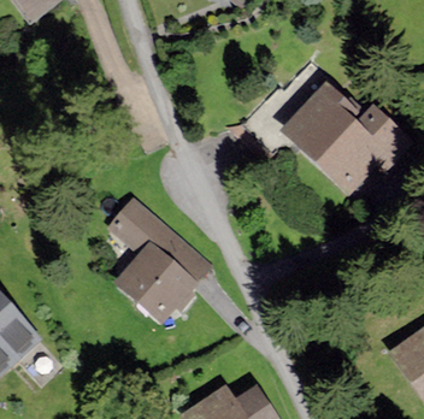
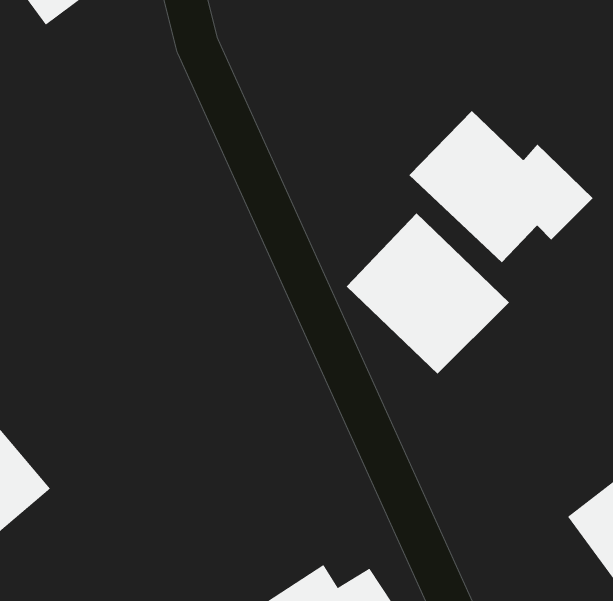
building: none -> [346,212,510,374]
building: [108,203,207,323] -> none

